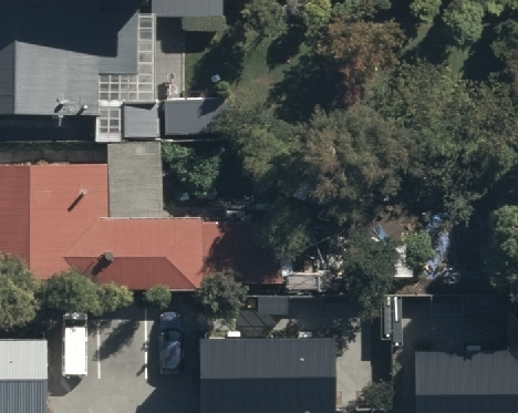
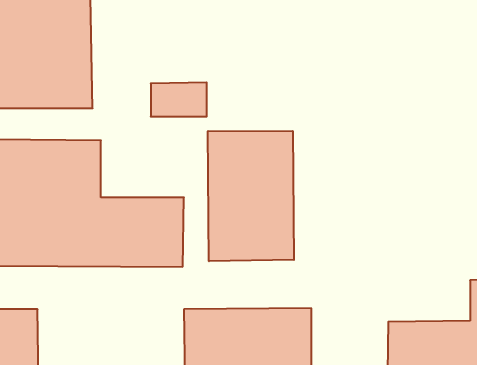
building: none -> [208,131,294,261]

